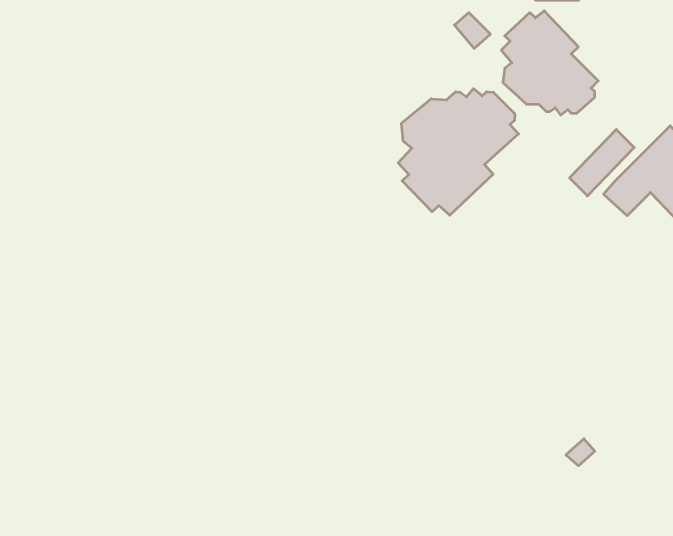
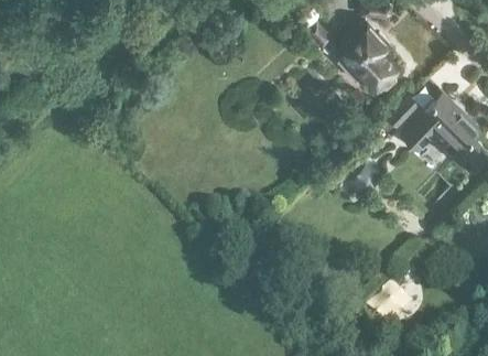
building: [398,89,519,215] -> none

